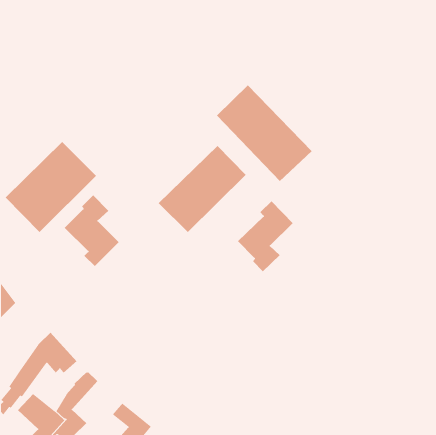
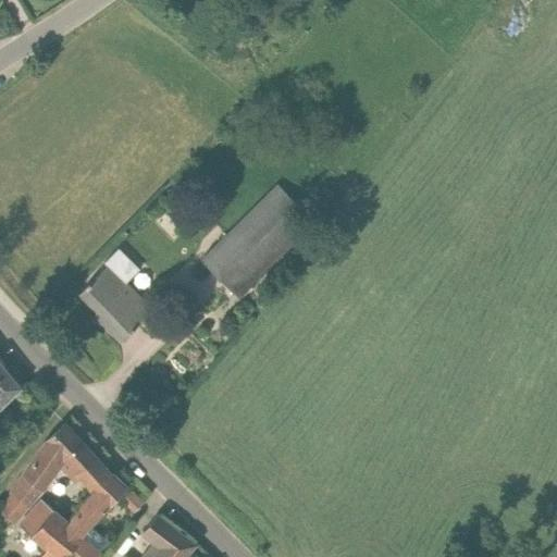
building: [216,85,312,182] -> none
building: [5,141,97,233] -> none
building: [237,200,294,272] -> none

